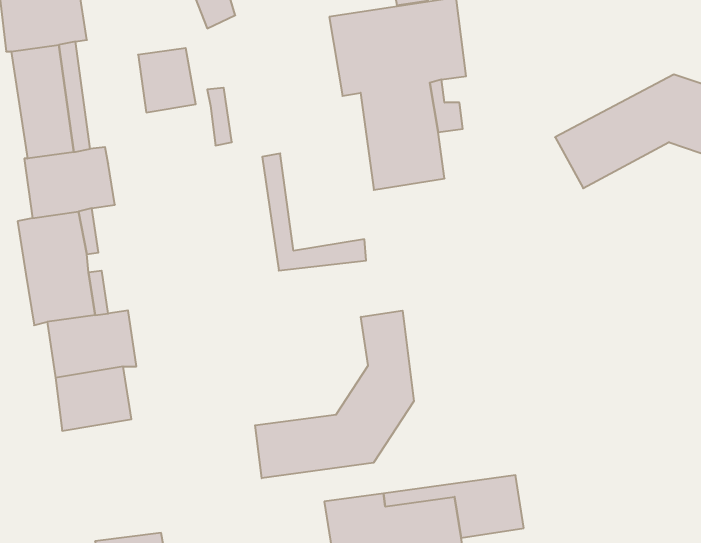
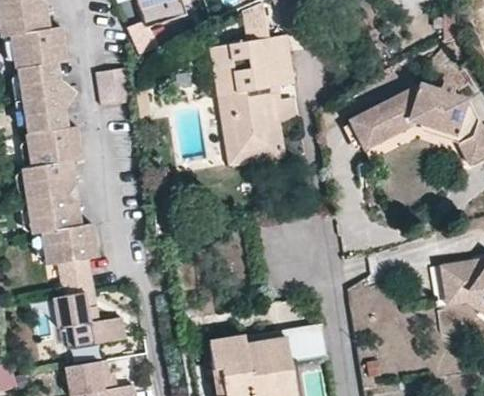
building: [262,153,366,271] -> [219,93,282,164]
building: [255,311,414,478] -> none
building: none -> [49,291,121,349]

